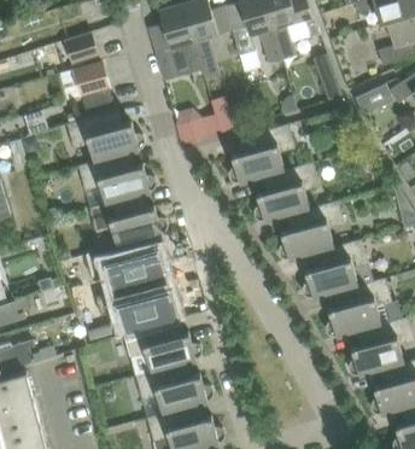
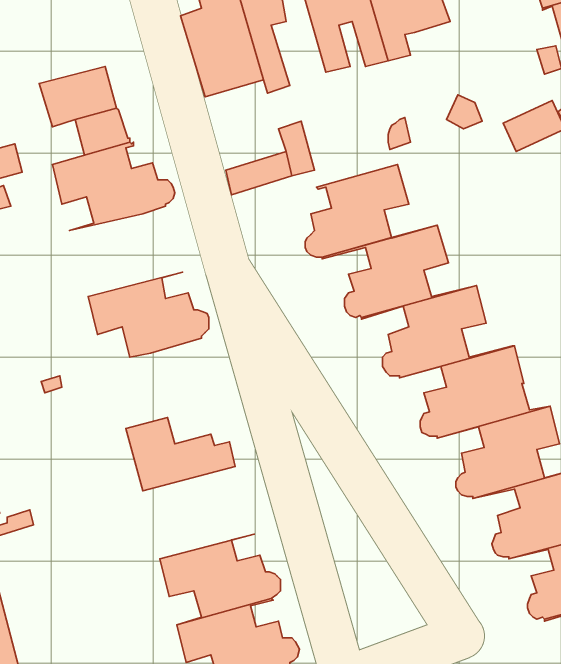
building: [64,31,99,64] -> none
building: [77,154,156,208] -> none
building: [103,244,173,292] -> none
building: [123,316,201,375] -> none

